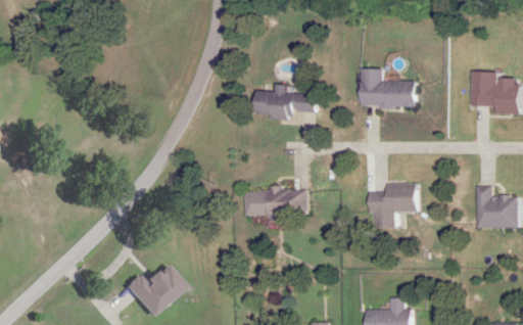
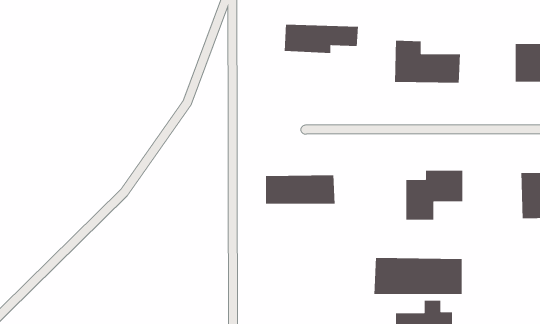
building: [259,91,326,118] -> [284,24,359,54]
building: none -> [374,257,462,295]
building: [122,265,183,317] -> none

